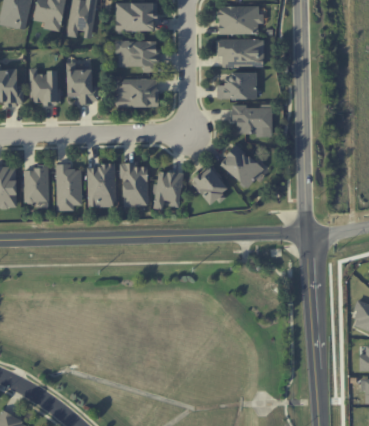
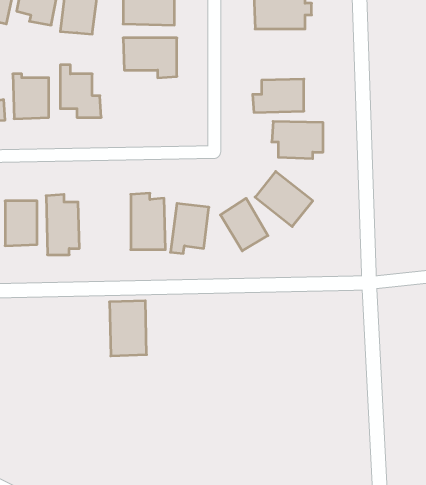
building: [217,39,264,67] -> none
building: [118,78,158,107] -> none
building: [87,164,116,207] -> [109,301,147,356]

